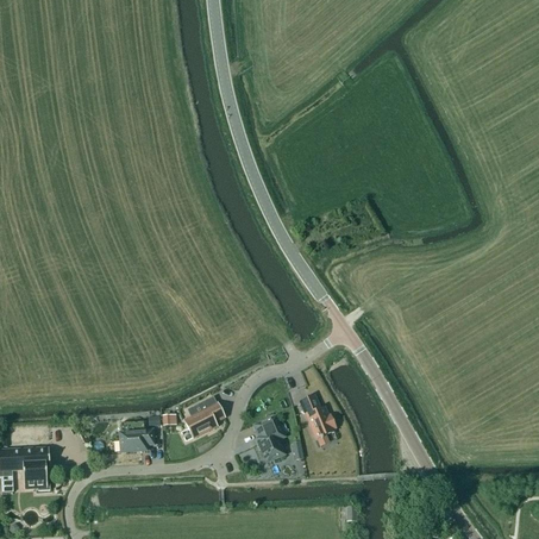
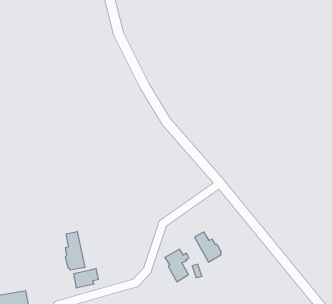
building: none -> [65,231,85,270]
building: [182,397,223,439] -> none

